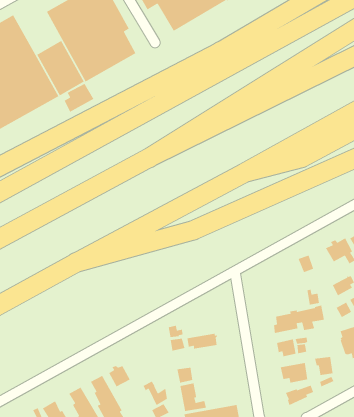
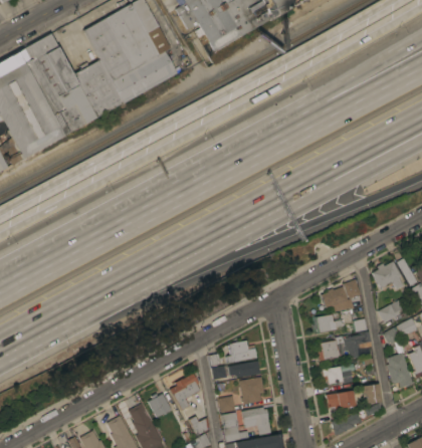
building: [64,83,95,113] -> none
building: none -> [321,286,353,310]
building: none -> [311,312,342,332]
building: none -> [227,340,256,362]
building: none -> [169,372,200,411]
building: none -> [239,376,264,403]
building: none -> [241,406,271,434]

